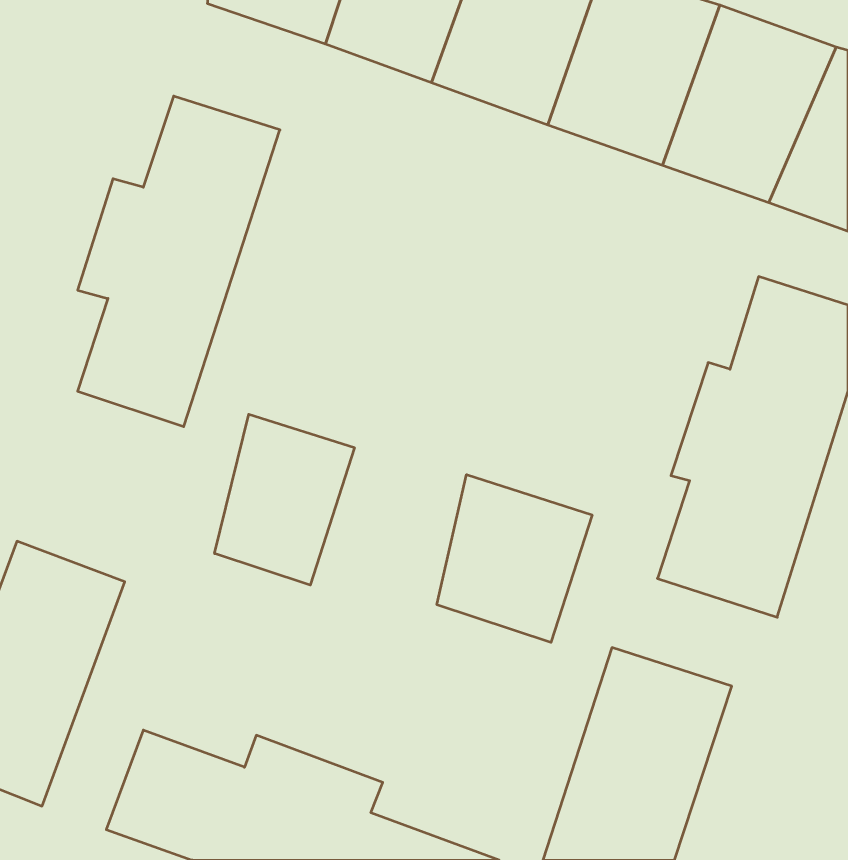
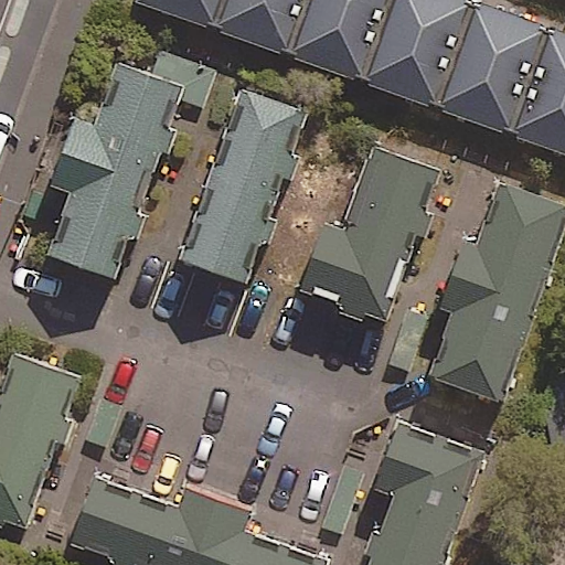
building: none -> [179,85,307,282]
building: none -> [296,141,440,323]
building: [215,414,354,585] -> none
building: [437,475,592,642] -> none

